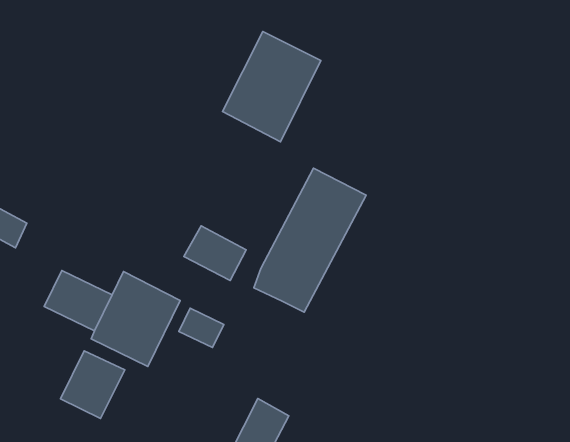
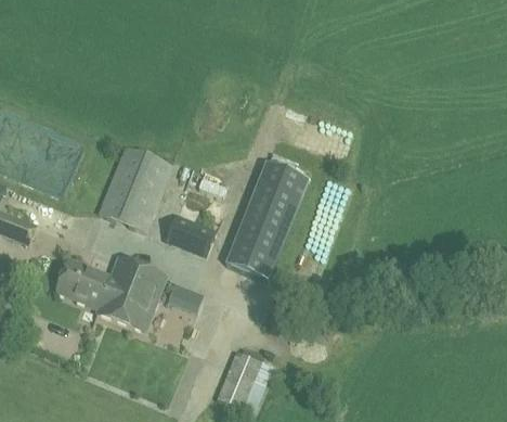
building: [222,31,321,142] -> [99,144,174,232]
building: [61,351,125,418] -> none

